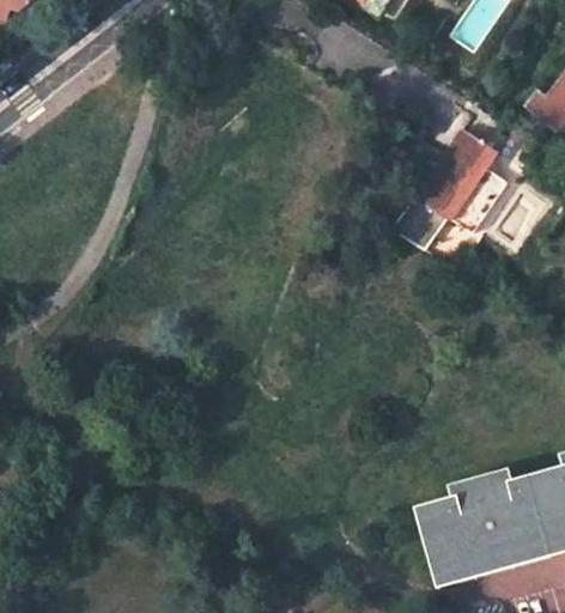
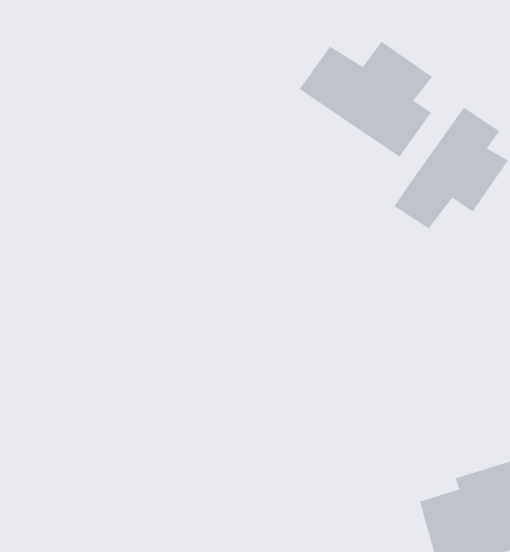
building: none -> [299,41,433,157]

